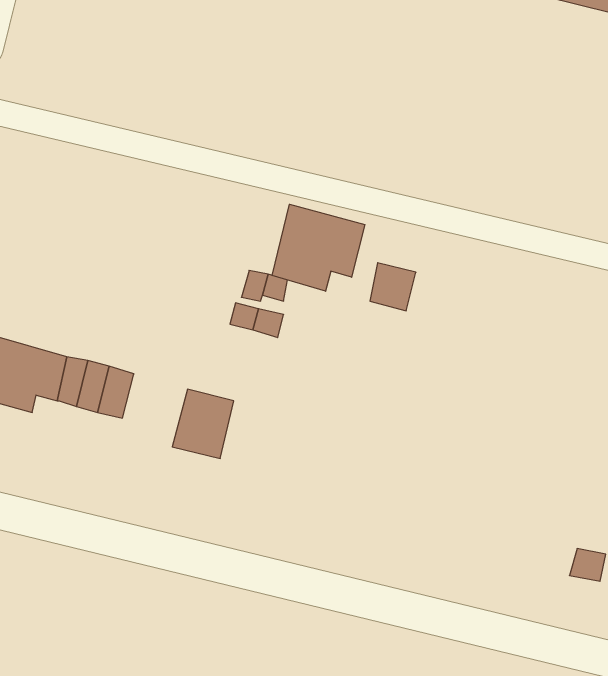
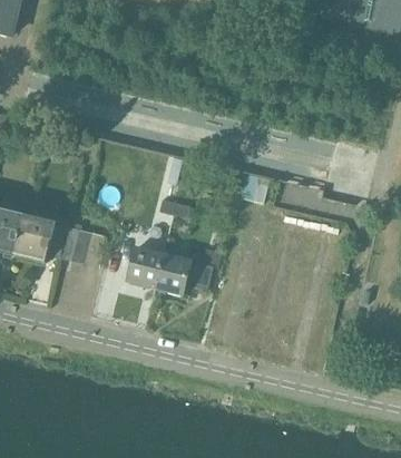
building: [272,204,365,291] -> none
building: none -> [155,252,212,292]

